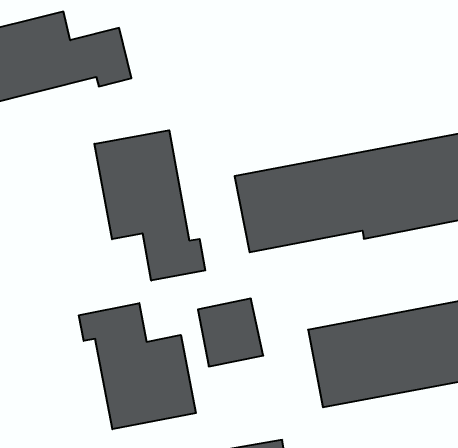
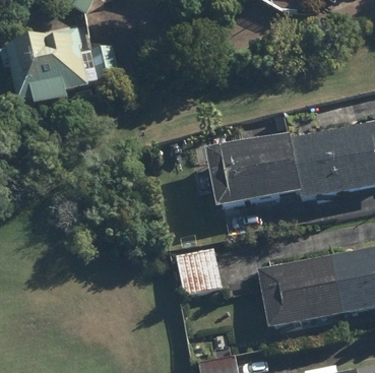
building: [94,130,205,281] -> none
building: [79,303,196,429] -> none

